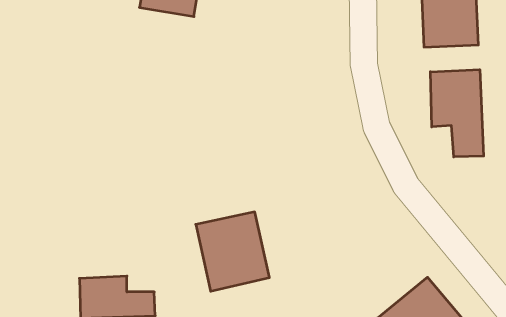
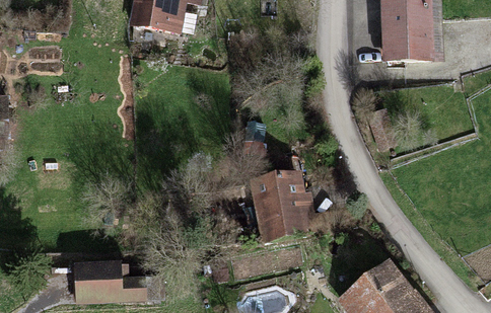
building: [430,70,484,157] -> none
building: [196,212,269,291] -> [250,169,315,240]

